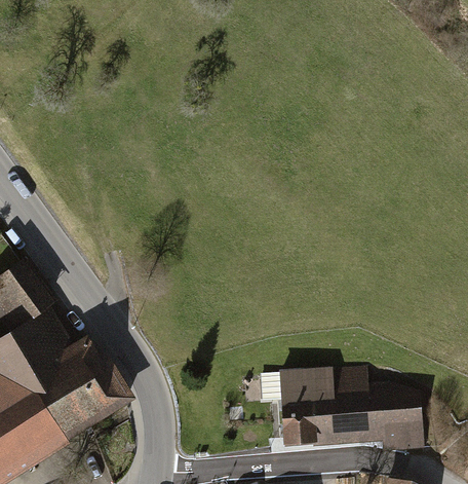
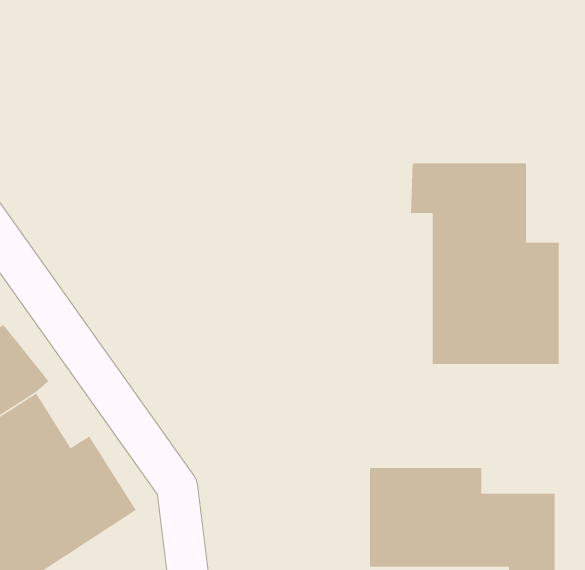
building: none -> [410,162,560,365]

